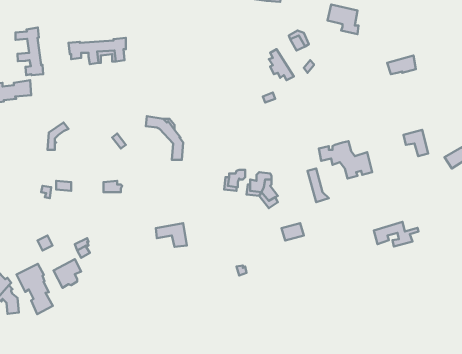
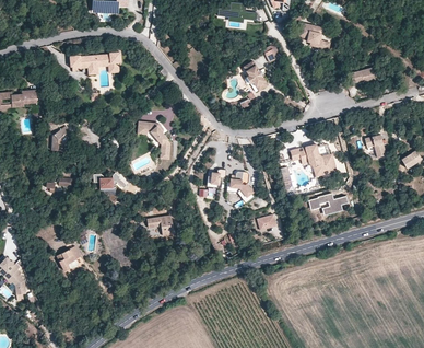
building: [15,27,43,75] -> none
building: [374,222,419,247] -> [309,193,349,214]
building: [16,264,53,314] -> none

